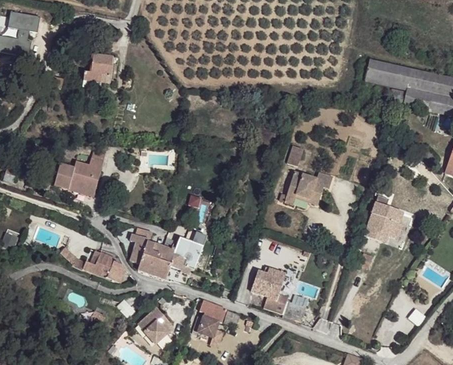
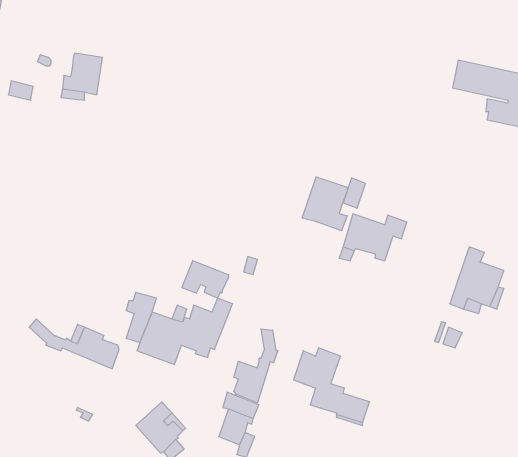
building: none -> [302,177,347,231]
building: [54,157,103,196] -> none
building: none -> [182,260,229,298]
building: none -> [234,329,278,403]

